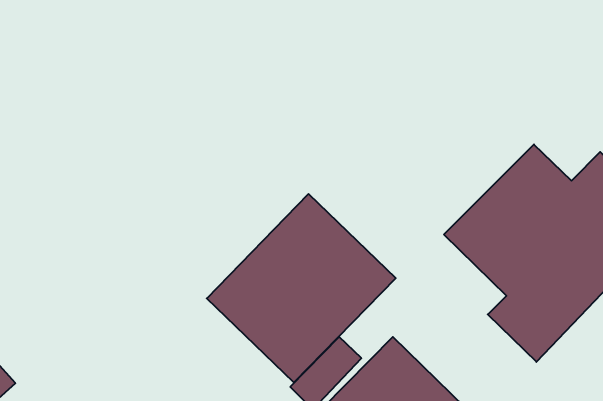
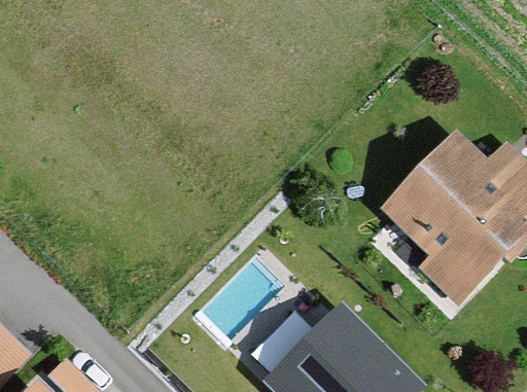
building: [207,194,396,382] -> none

